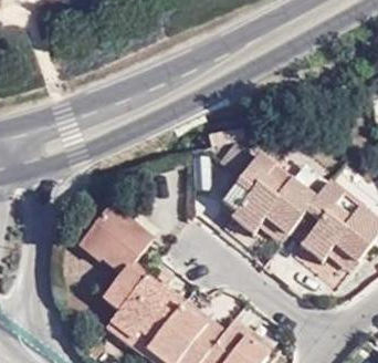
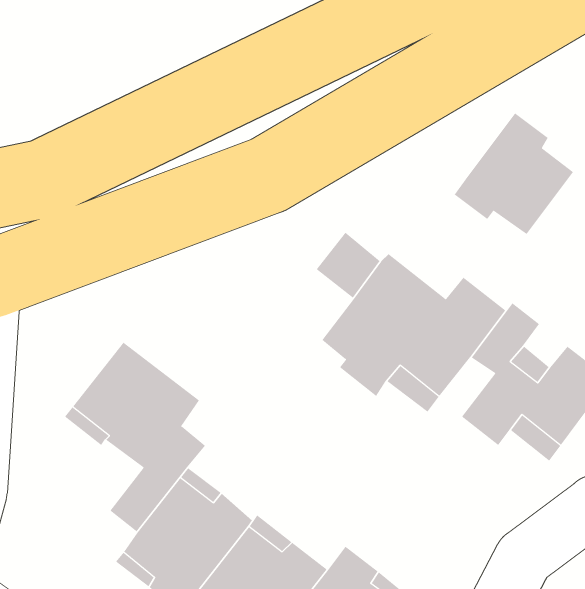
building: none -> [454,112,574,235]

